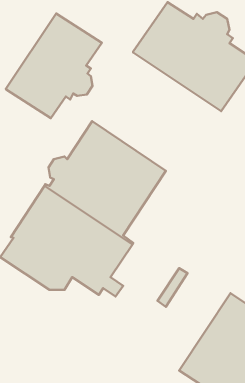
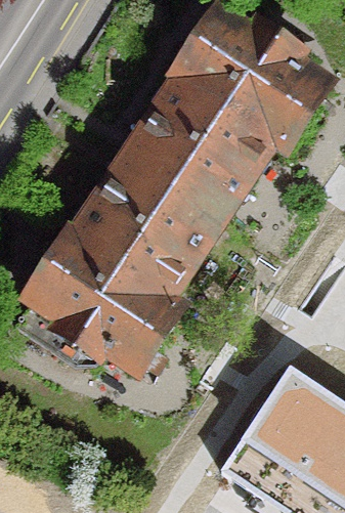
building: [6,14,102,118] -> none
building: none -> [123,76,281,220]

